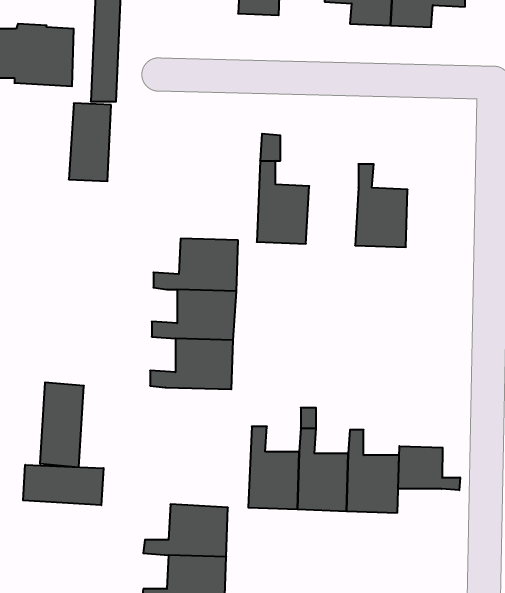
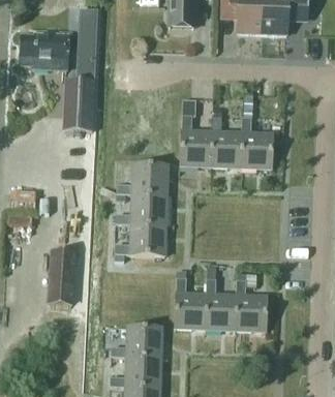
building: none -> [210,116,242,166]
building: [398,446,460,490] -> none
building: [23,465,104,505] -> none

